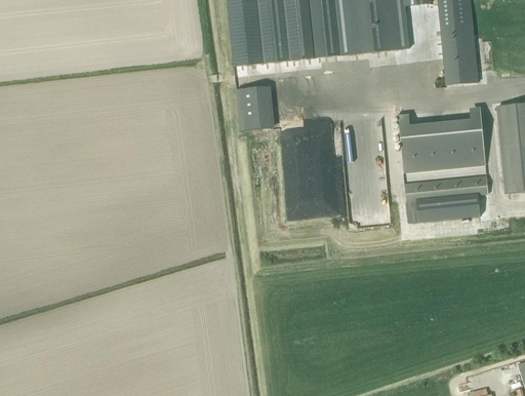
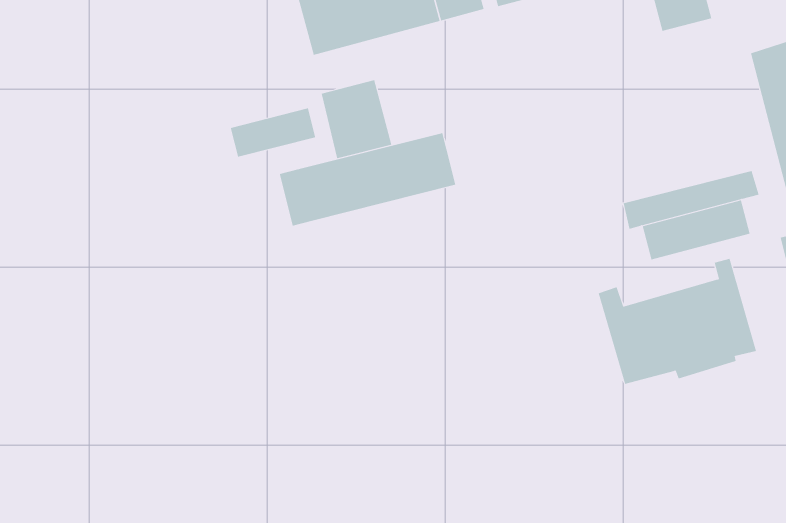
building: none -> [230,108,316,158]
building: [395,107,485,174] -> [598,258,757,384]
building: none -> [279,132,456,227]

